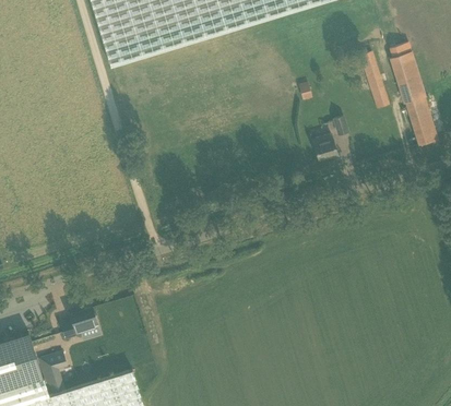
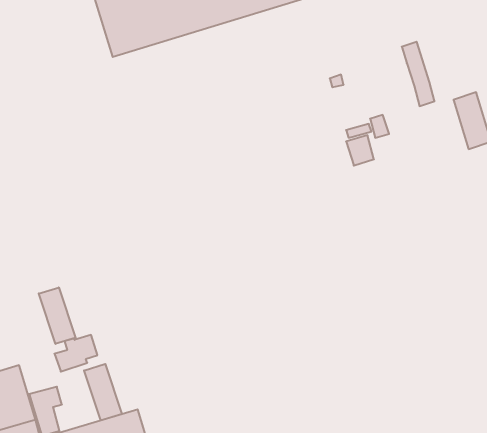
building: [390,51,426,103] -> none
building: none -> [39,287,76,344]
building: none -> [84,364,122,420]

